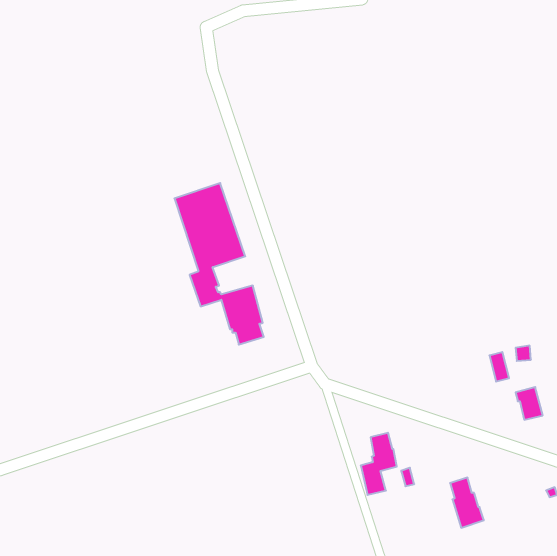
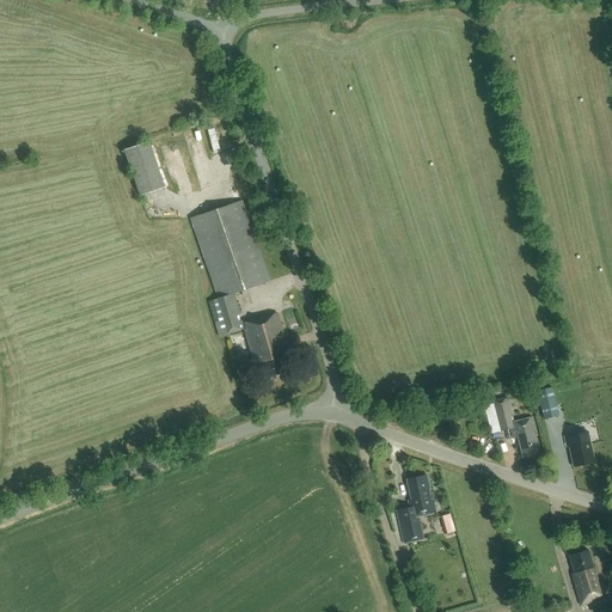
building: none -> [126,140,164,194]
building: none -> [491,397,539,457]
building: [450,478,484,528] -> [569,550,606,605]

